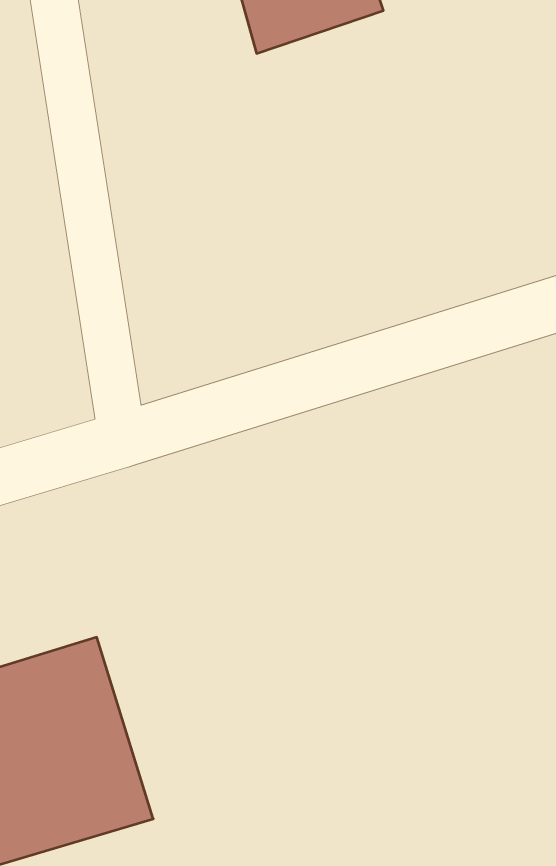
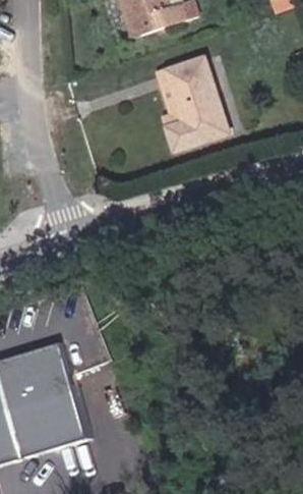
building: none -> [160,55,240,156]

